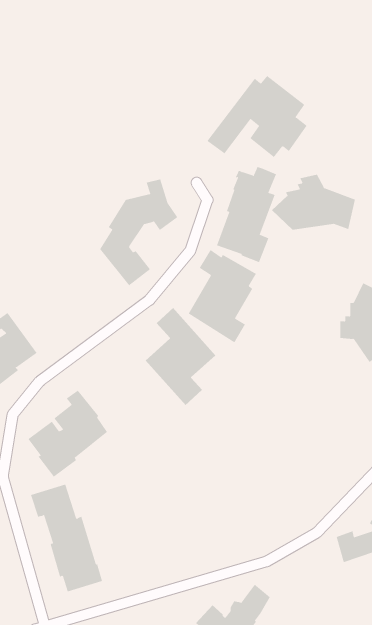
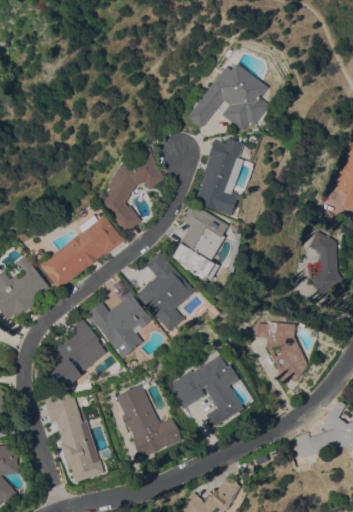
building: [271,174,355,230] -> none
building: none -> [43,215,127,290]
building: none -> [88,291,155,358]
building: none -> [254,323,307,385]
building: none -> [169,355,244,421]
building: none -> [118,385,183,459]

